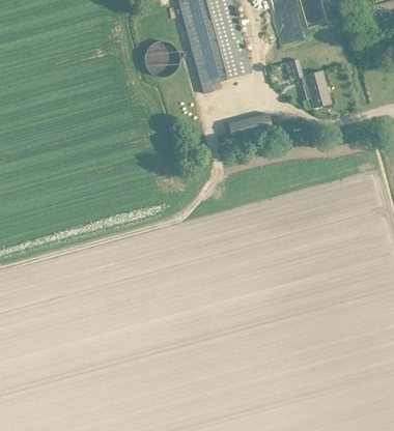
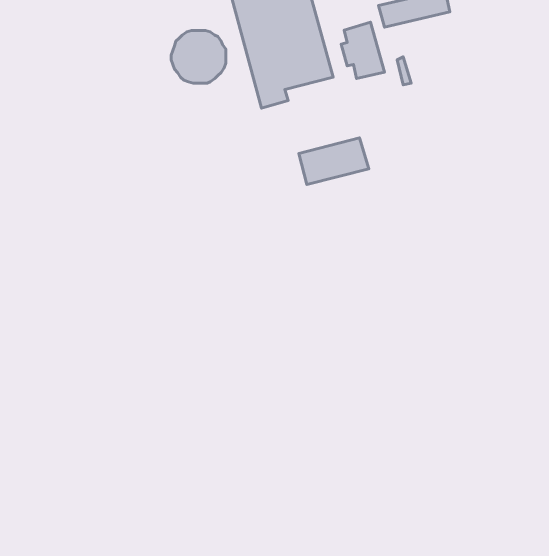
building: [302,66,331,104] -> [341,22,385,78]

